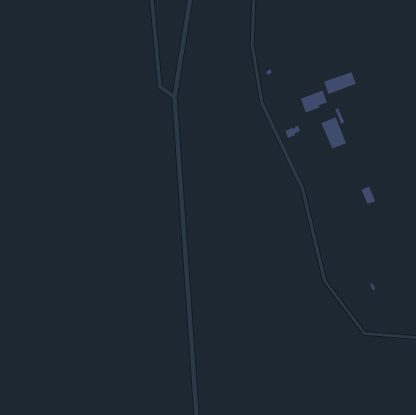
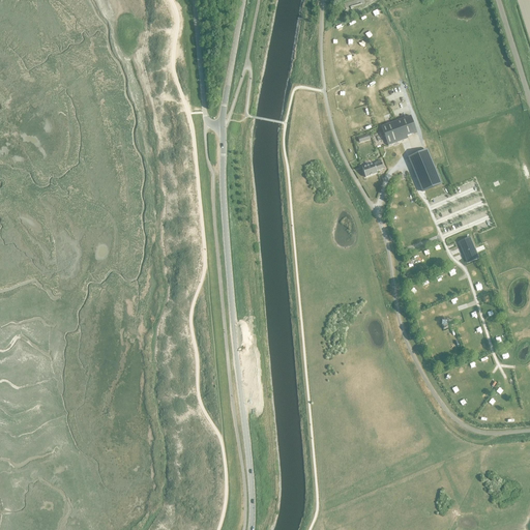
building: [323,71,357,95] -> none

